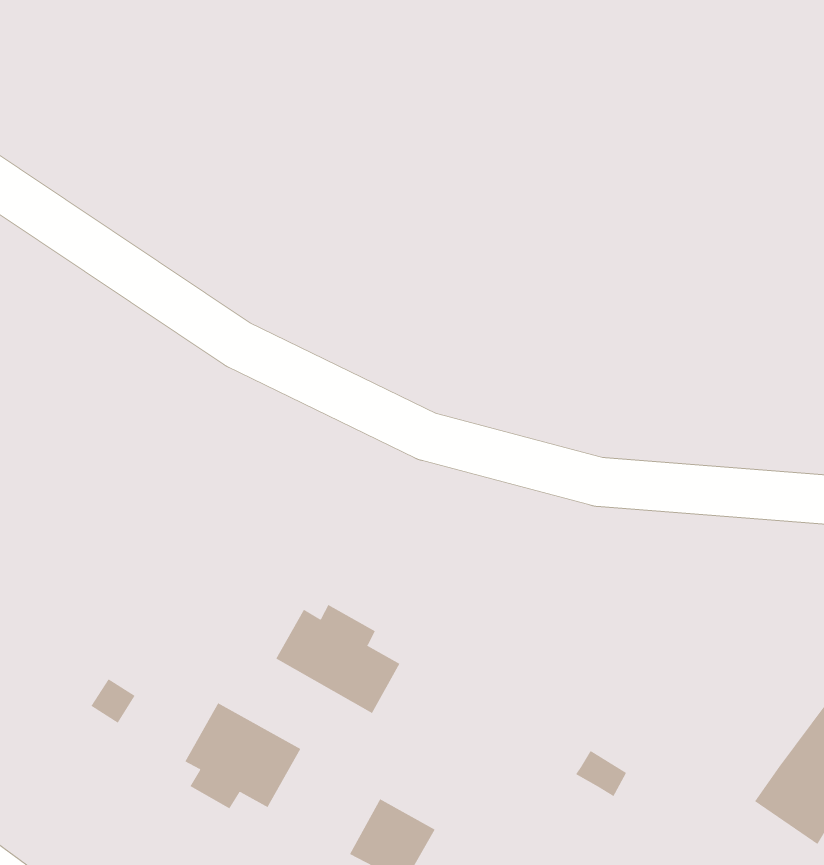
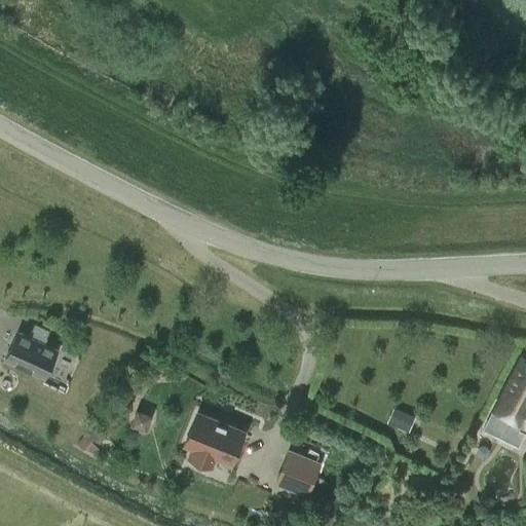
building: [276,604,400,714] -> none

